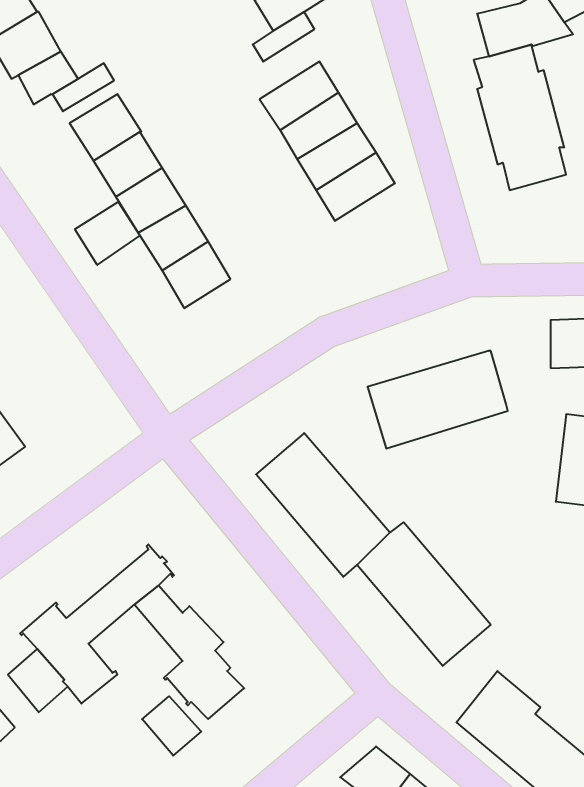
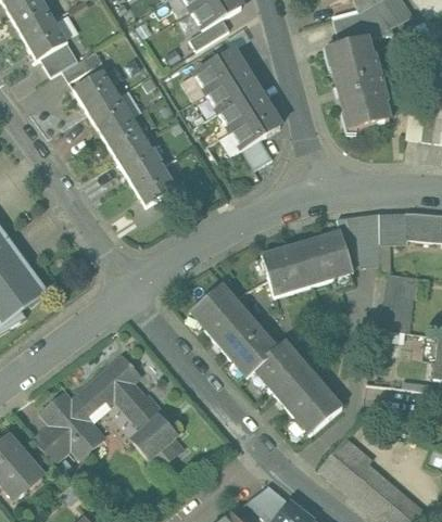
building: [75,202,140,265] -> none
building: none -> [336,213,379,266]
building: [142,696,201,756] -> none

